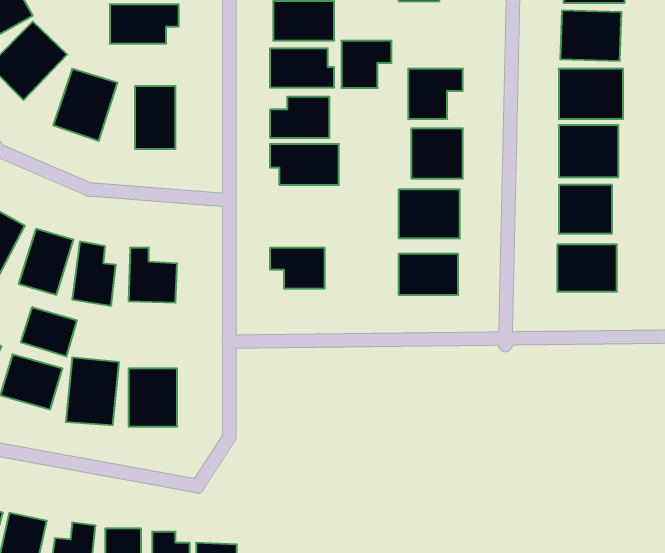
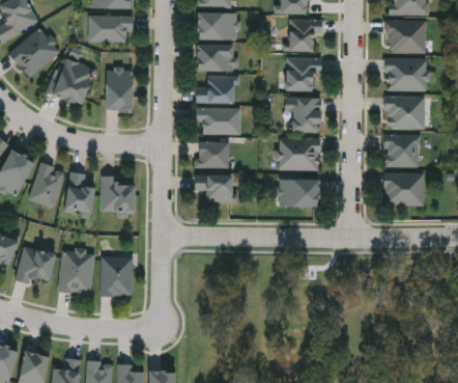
building: [341,41,392,88] -> [289,20,322,51]
building: none -> [197,142,229,168]
building: [21,307,77,357] -> none

